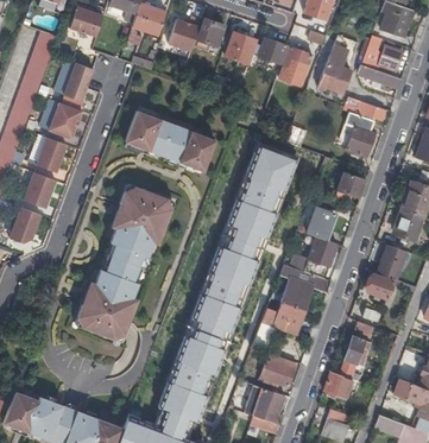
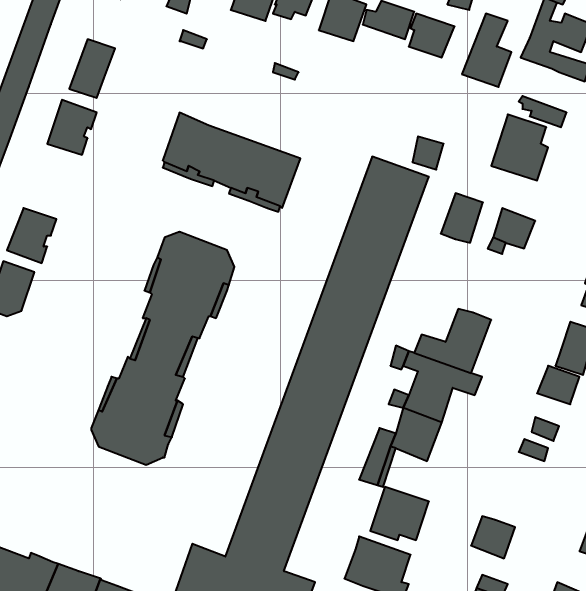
building: [36,137,65,172] -> none
building: [305,208,333,240] -> [441,193,483,243]
building: [339,336,370,381] -> none

